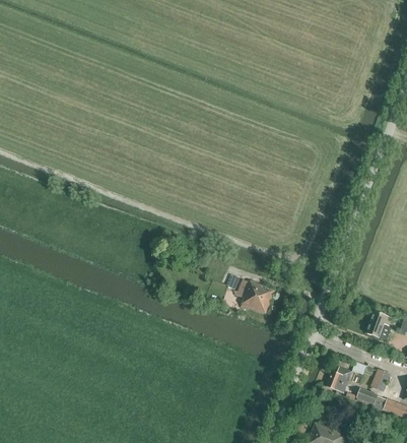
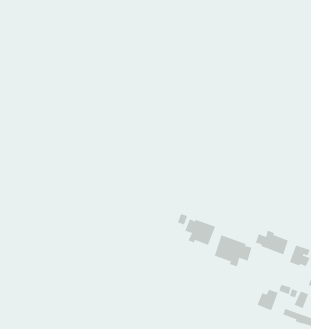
building: none -> [255,230,289,255]
building: none -> [214,235,252,267]

